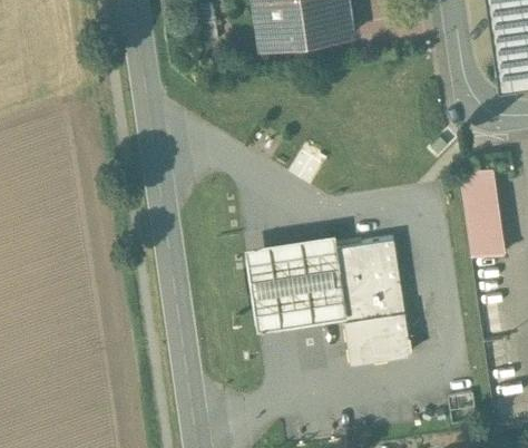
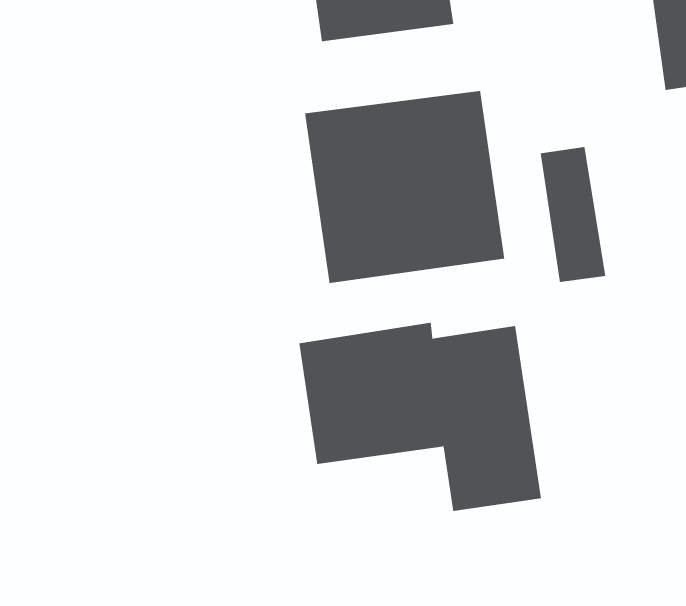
building: none -> [304,90,505,284]
building: [459,165,505,259] -> [540,147,606,283]

